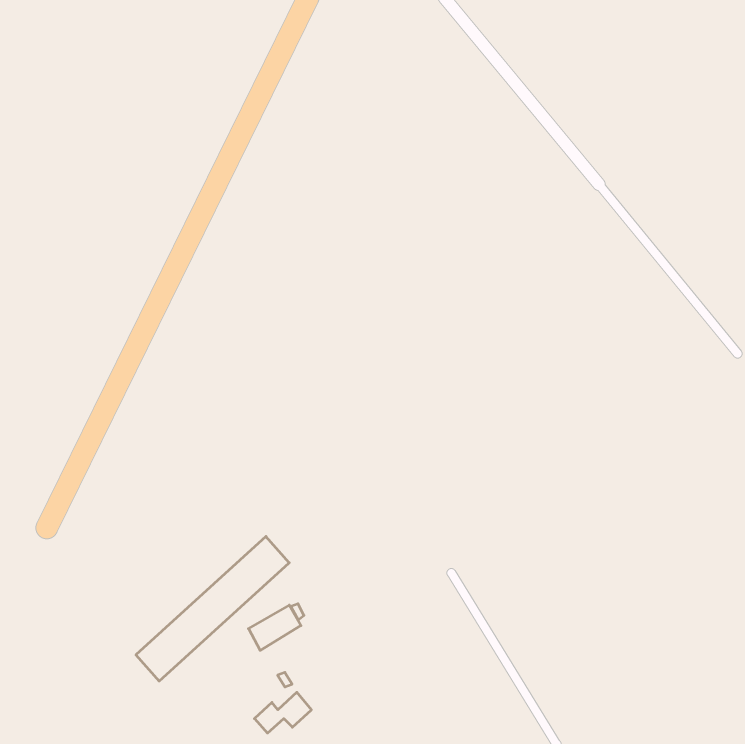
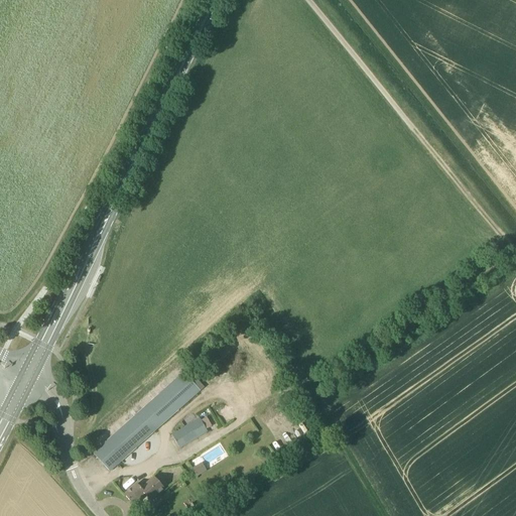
building: [254,692,311,733] -> [126,476,165,504]

